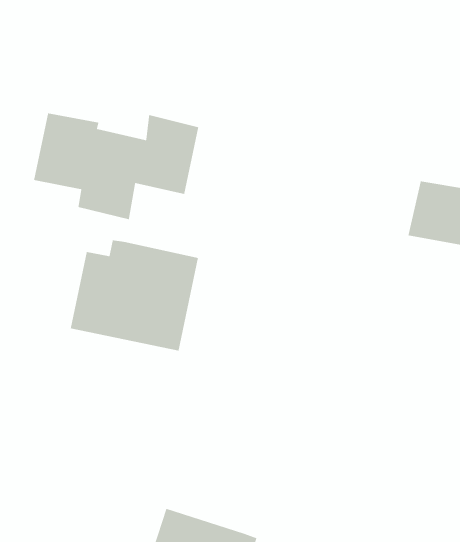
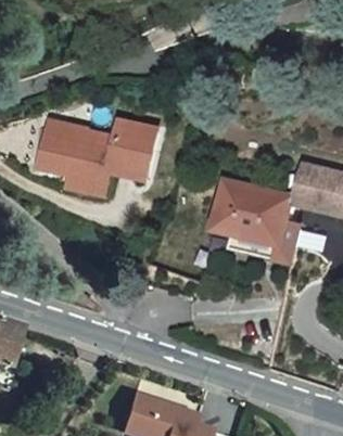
building: none -> [209,176,295,258]
building: [70,239,199,351] -> none

